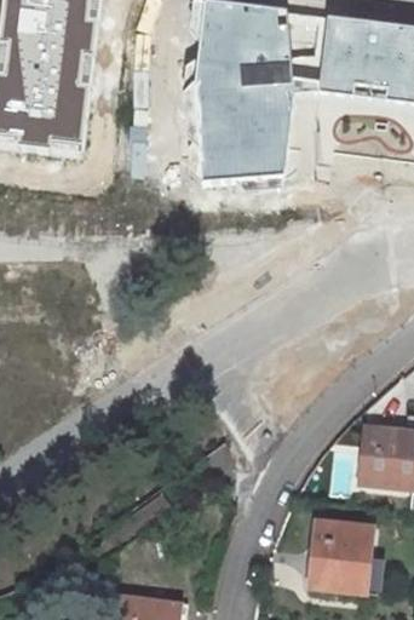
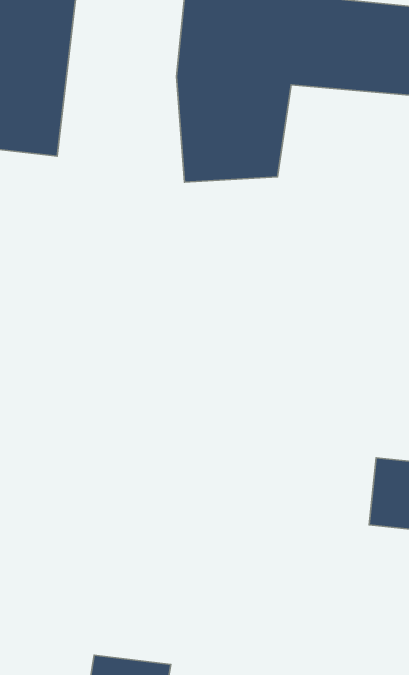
building: [307,526,372,598] -> none

